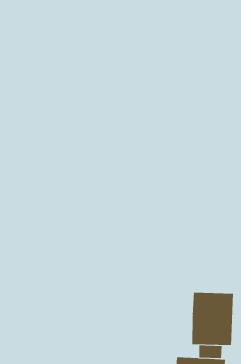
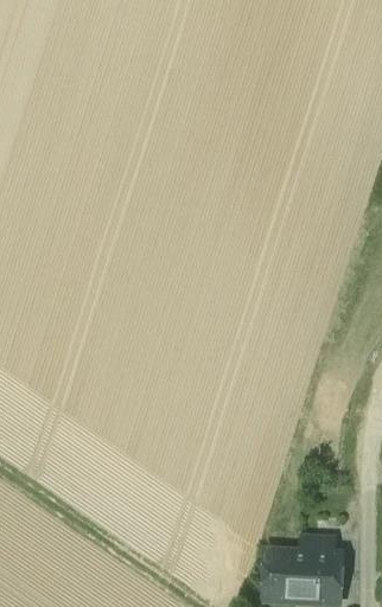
building: [192,292,233,346] -> none

